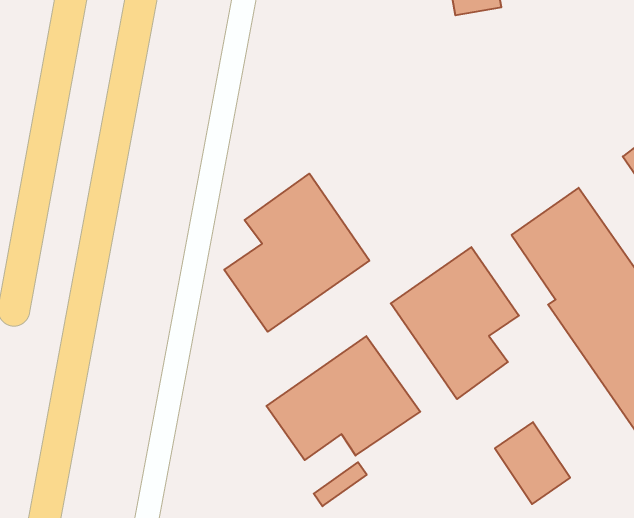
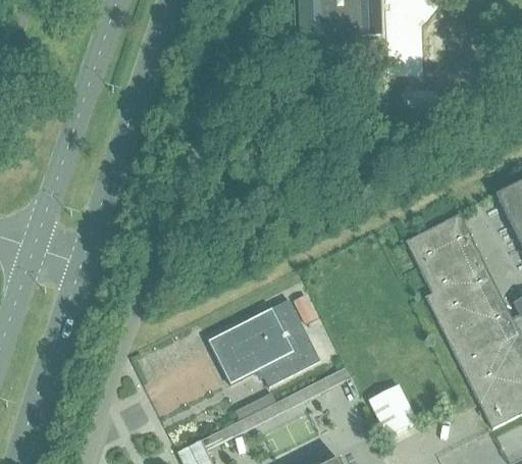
building: [224,174,369,332] -> none
building: [391,247,519,399] -> none

